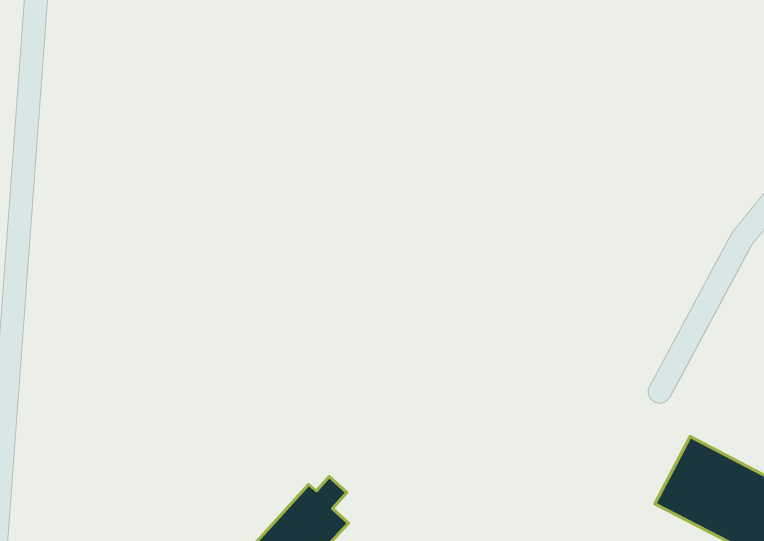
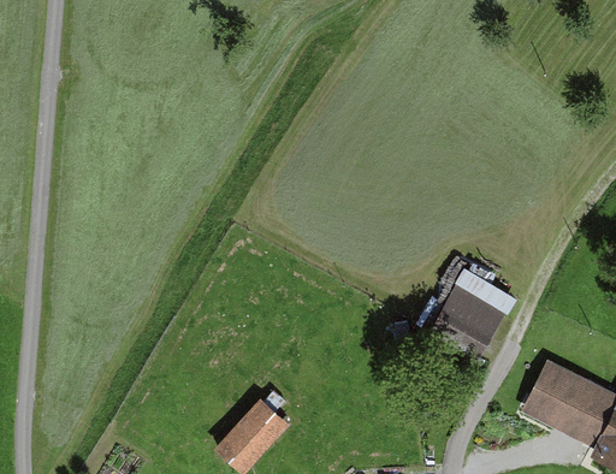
building: none -> [431,269,515,359]

